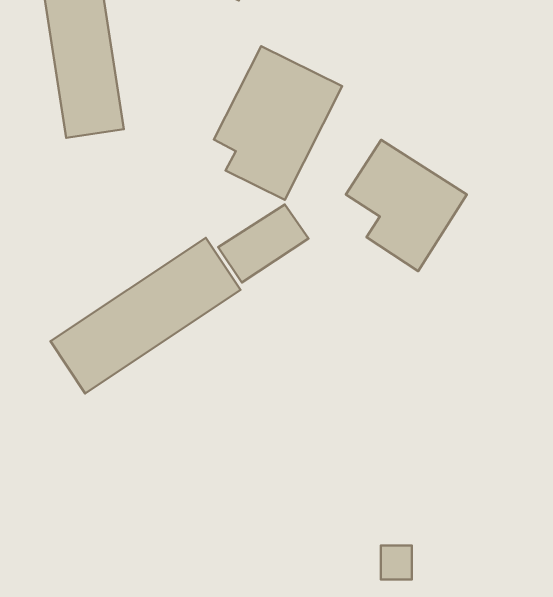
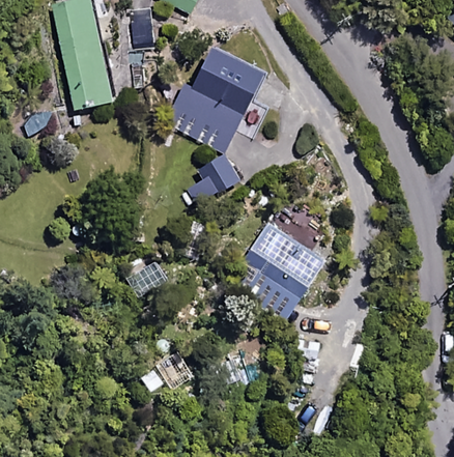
building: [346,140,467,271] -> [240,222,325,314]
building: [51,238,240,393] -> none

